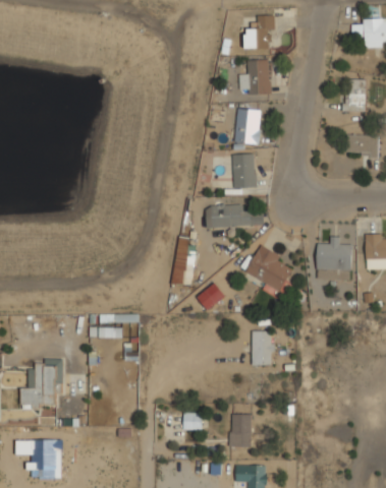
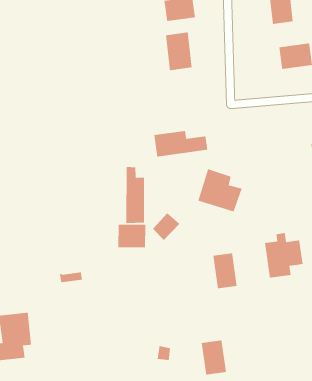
building: [232,155,255,187] -> none
building: [317,237,352,280] -> [264,233,303,278]
building: none -> [118,224,146,248]

